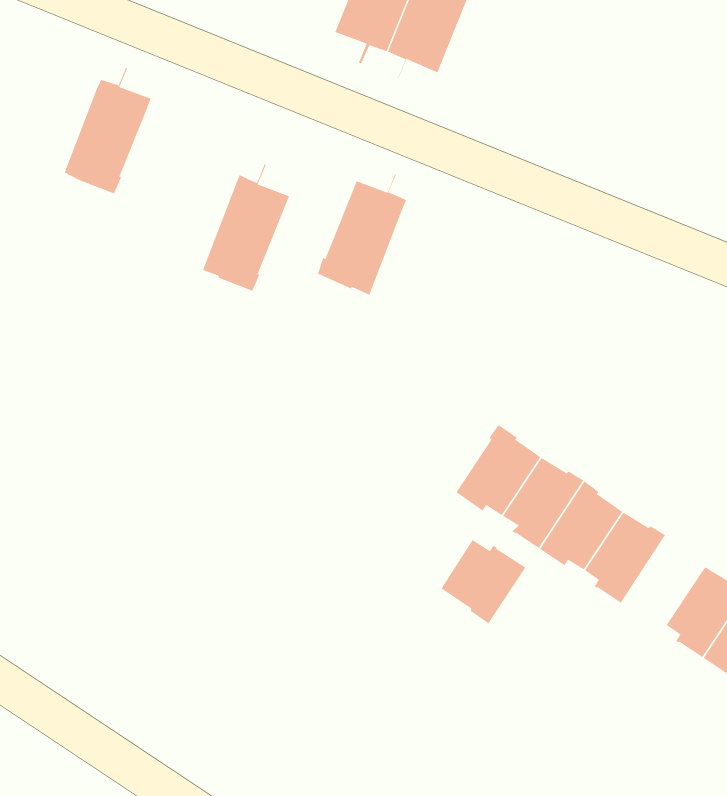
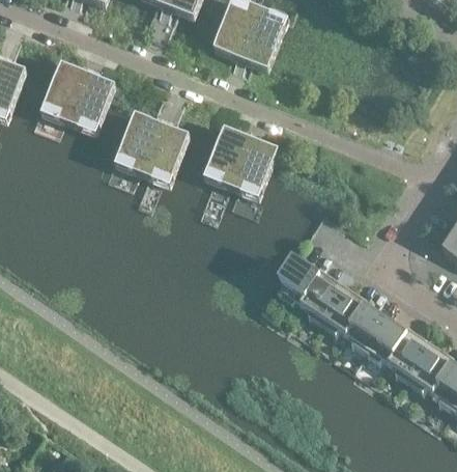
building: none -> [39,57,87,121]
building: none -> [113,109,161,173]
building: none -> [230,130,277,198]
building: none -> [364,314,408,362]
building: [441,539,526,624] -> none

